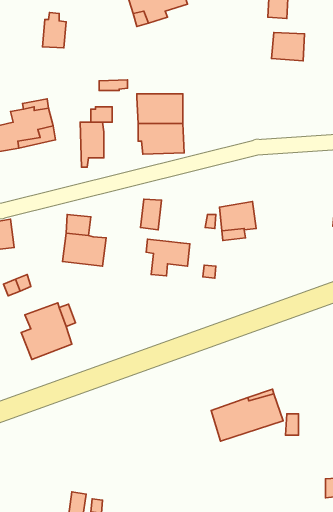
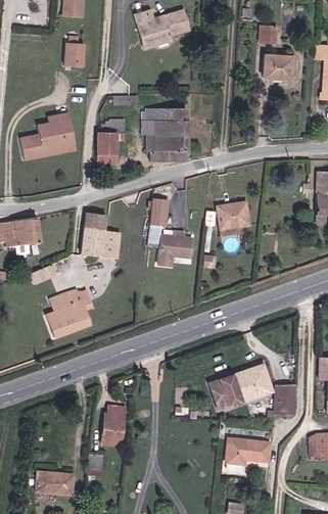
building: none -> [275,385,296,417]
building: none -> [100,405,126,447]
building: none -> [225,438,271,465]

